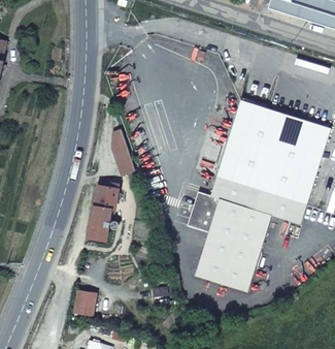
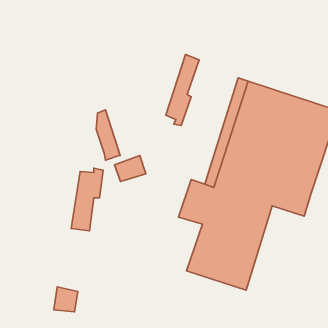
building: none -> [166,55,199,125]
building: none -> [115,155,146,181]

